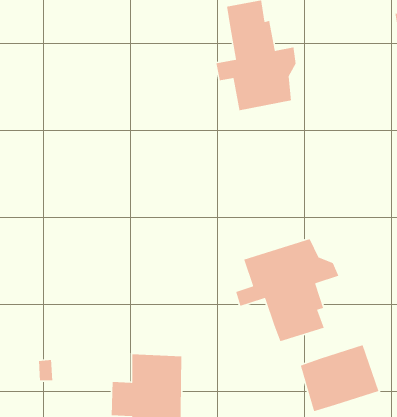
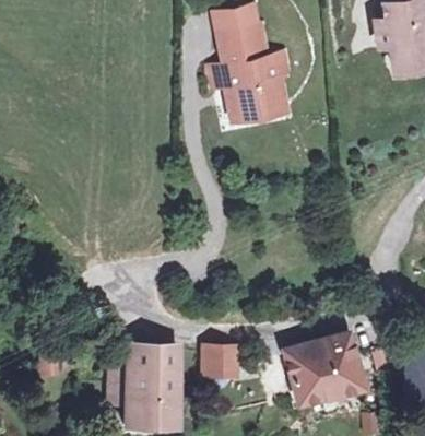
building: [235,238,339,342] -> none
building: none -> [201,349,247,377]

